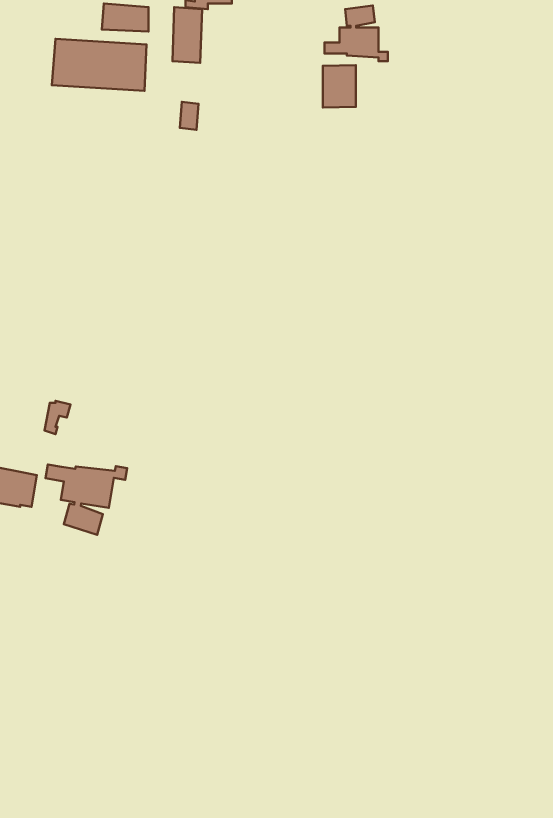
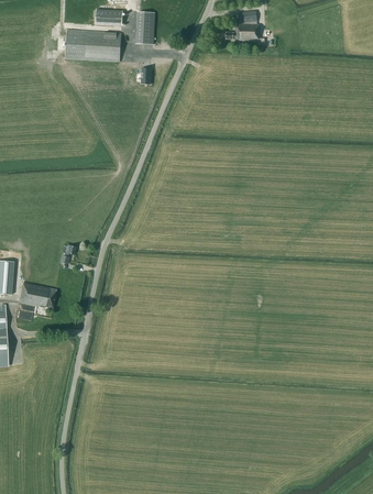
building: [323,65,356,108] -> none
building: [46,464,127,535] -> none

